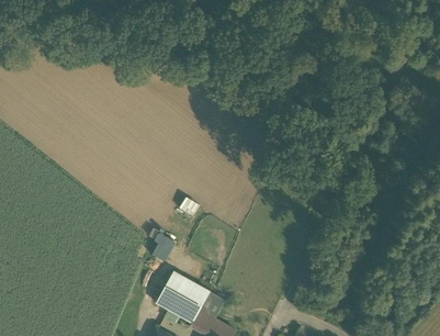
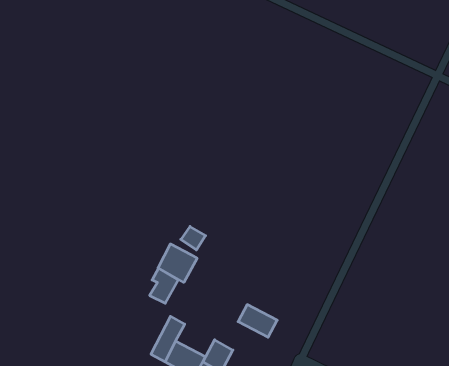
building: none -> [158,244,197,282]
building: [176,278,208,305] -> [238,305,277,337]

